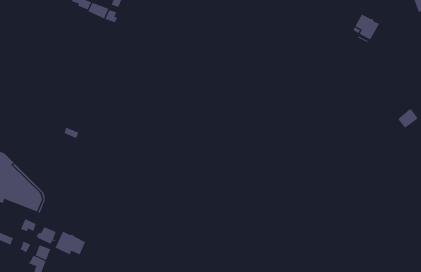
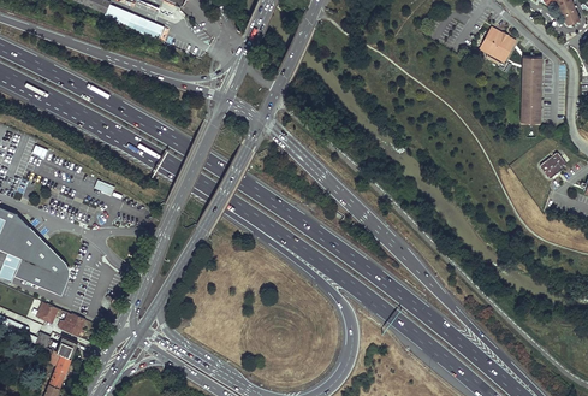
building: none -> [521,59,541,125]
building: [55,231,86,255] -> none

